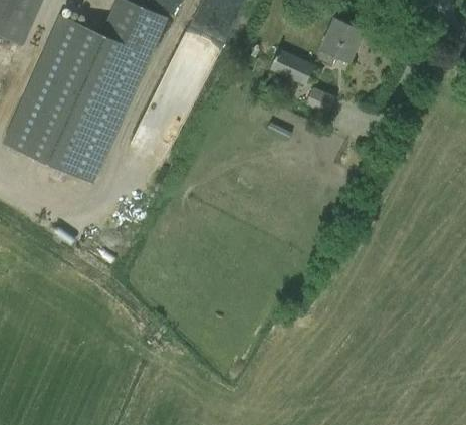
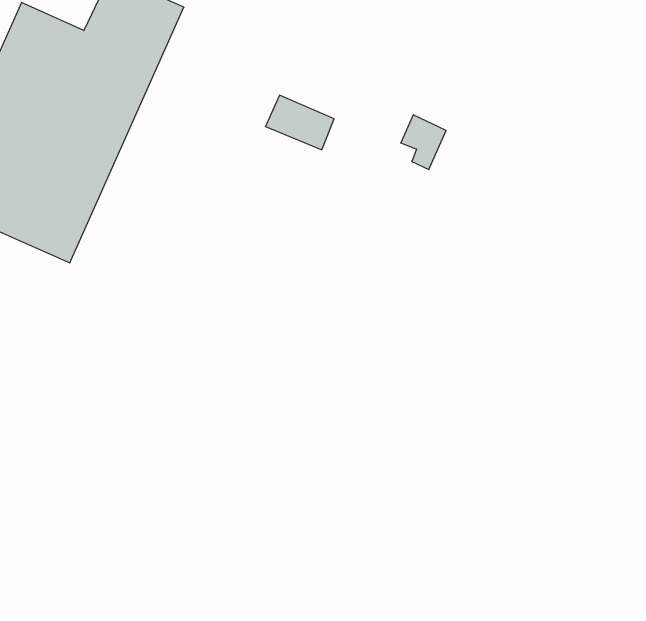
building: [317,17,364,64] -> none
building: [269,49,313,84] -> [265,95,334,150]

